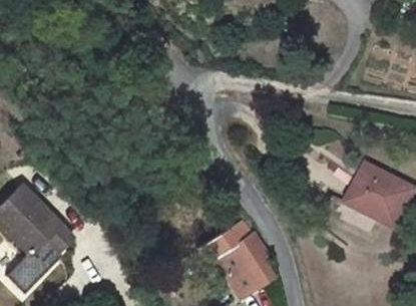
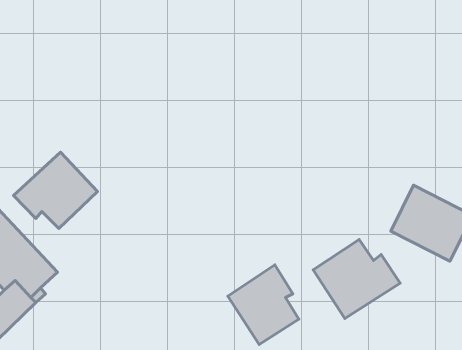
building: none -> [13,152,97,228]
building: none -> [313,240,400,318]

